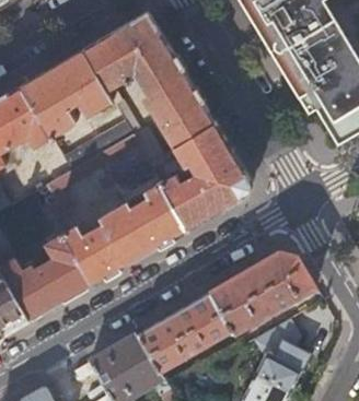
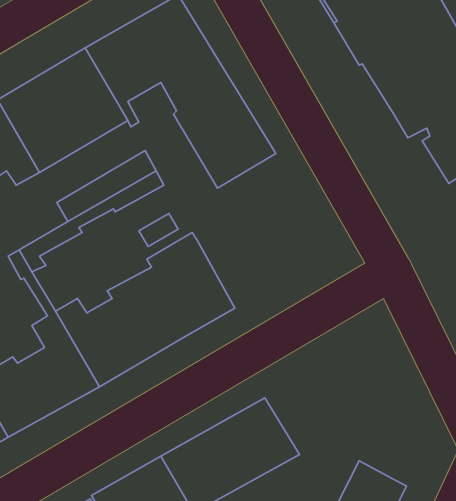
building: [149,123,250,231] -> none
building: [208,252,313,332] -> none

